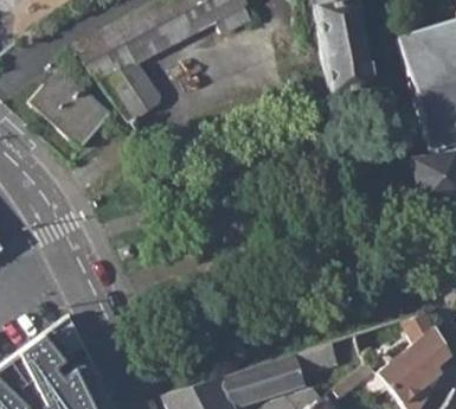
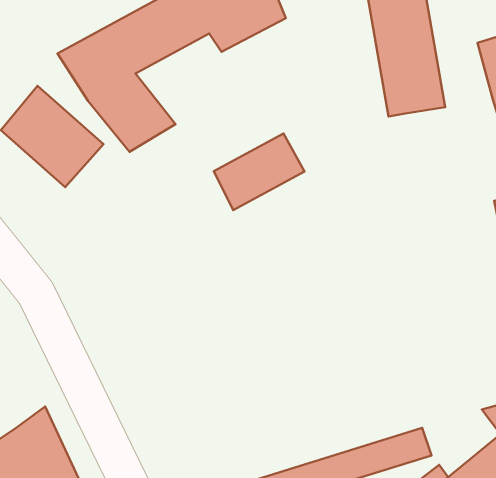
building: none -> [214,133,304,210]

